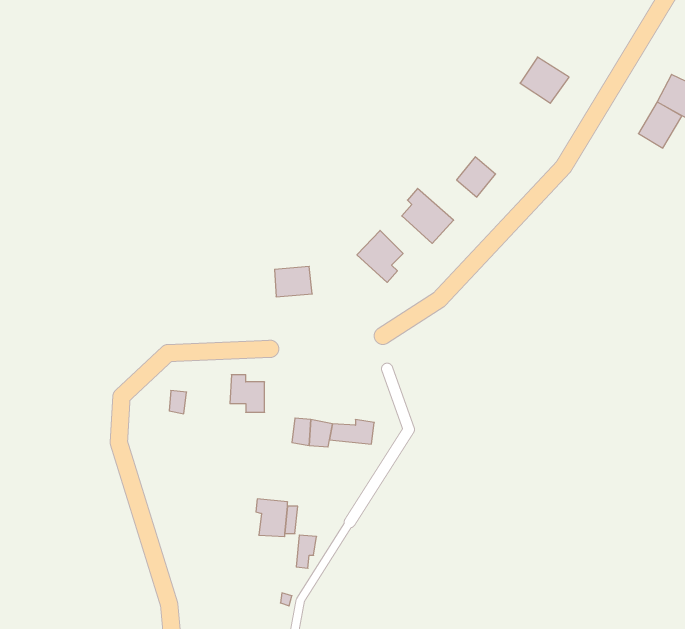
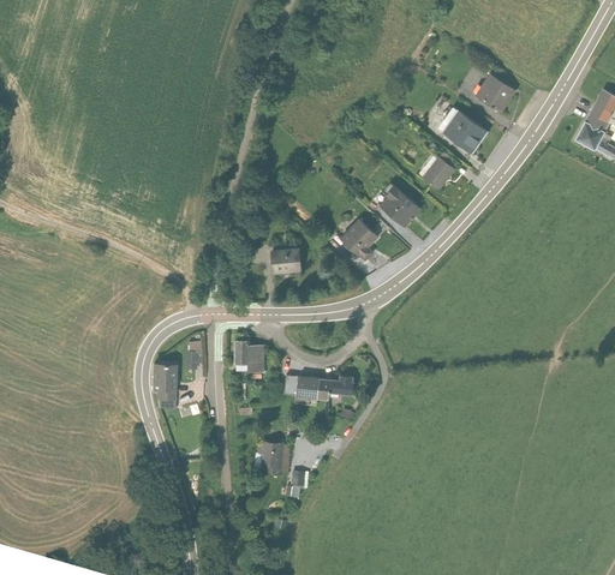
building: none -> [441,109,488,154]
building: none -> [151,364,175,400]

